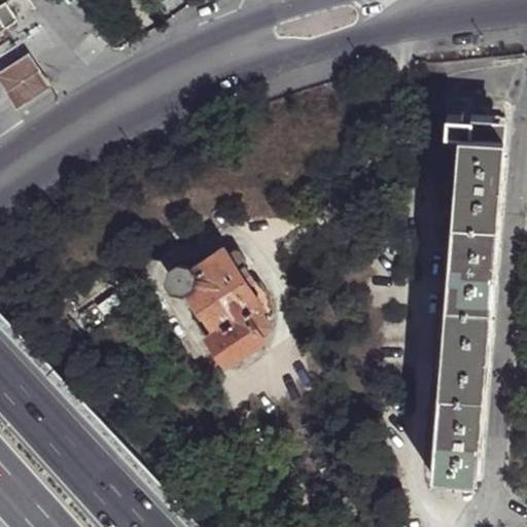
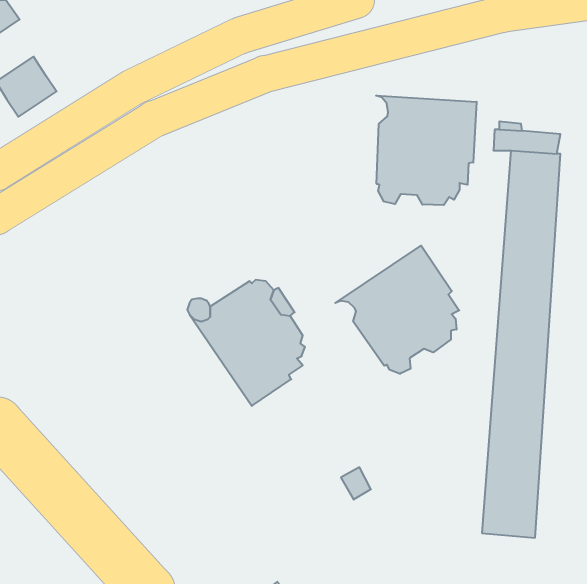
building: none -> [376,96,477,205]
building: none -> [335,246,459,374]

